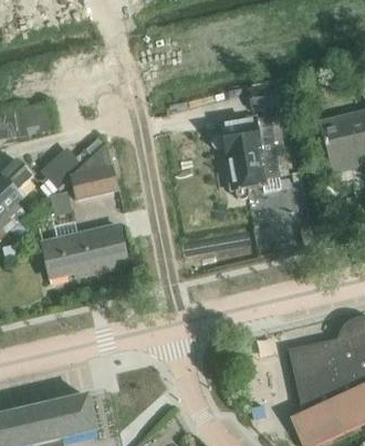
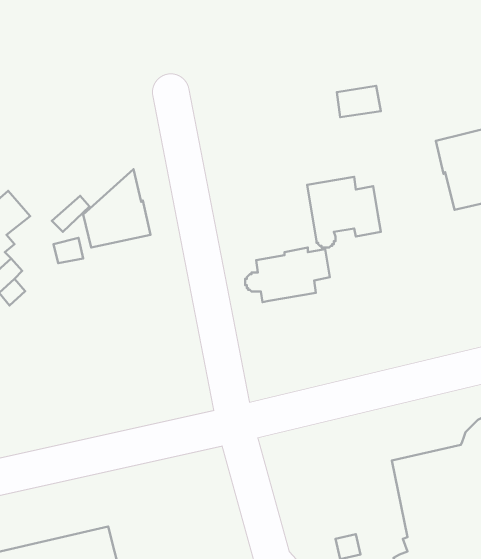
building: [212,116,272,155] -> [245,247,330,302]
building: [42,225,128,276] -> none

